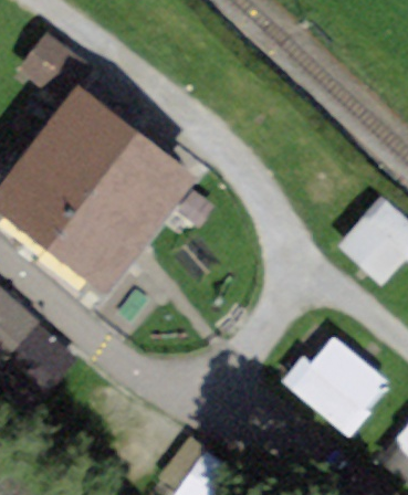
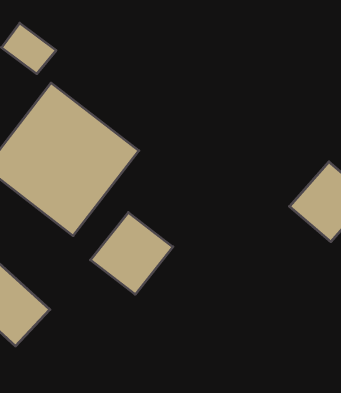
building: none -> [90,212,173,294]
building: [287,335,390,431] -> none

